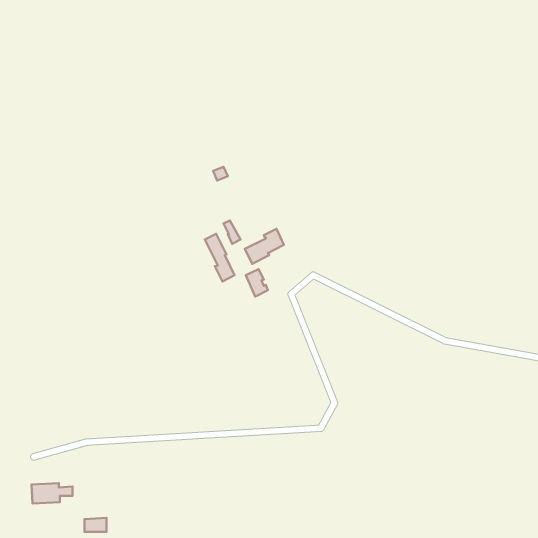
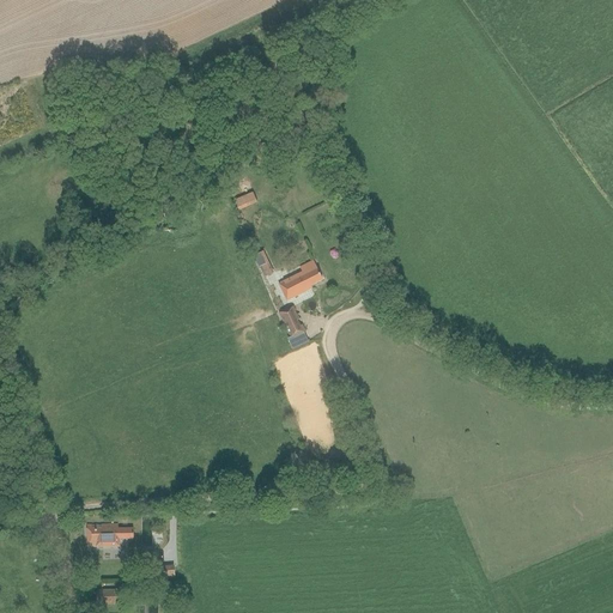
building: [205,234,234,282] -> none
building: [32,483,73,503] -> [86,523,133,546]

